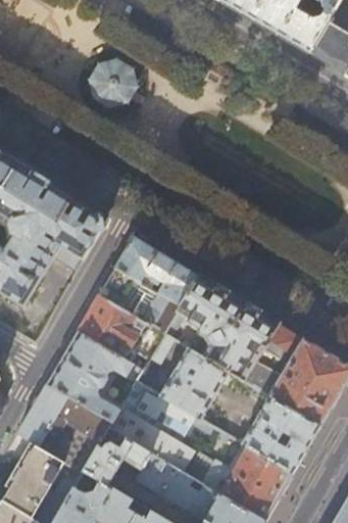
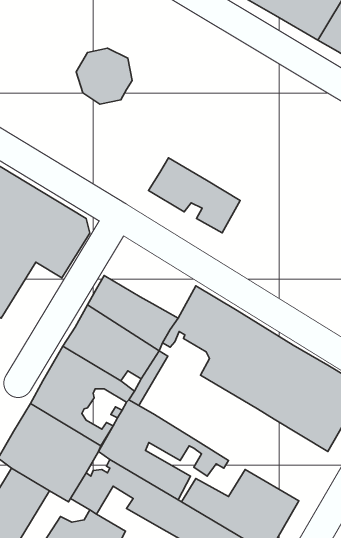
building: [115,237,199,305] -> [148,158,240,233]
building: [161,348,229,418] -> none
building: [244,397,319,472] -> none

